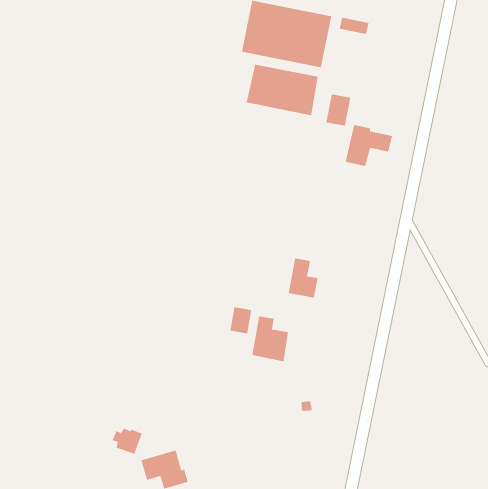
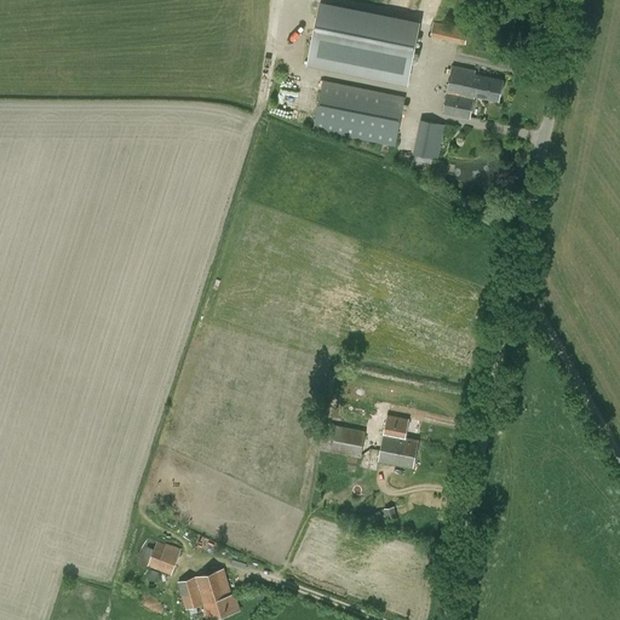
building: [345,124,393,166] -> [441,65,501,119]
building: [288,258,318,298] -> [378,415,417,466]
building: [230,306,252,334] -> none

